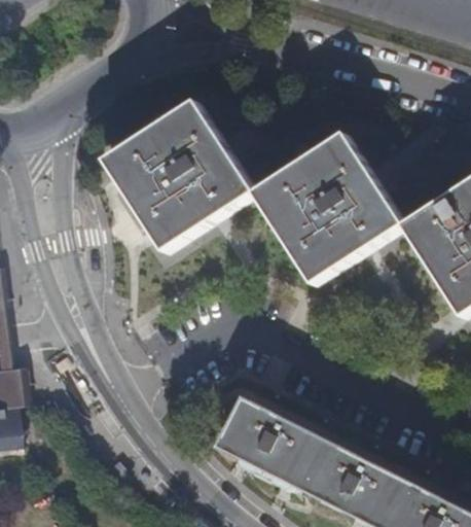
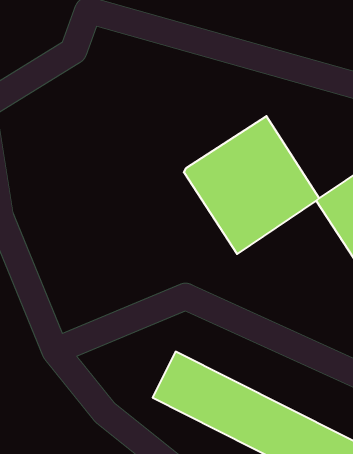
building: [101,100,253,253] -> none

